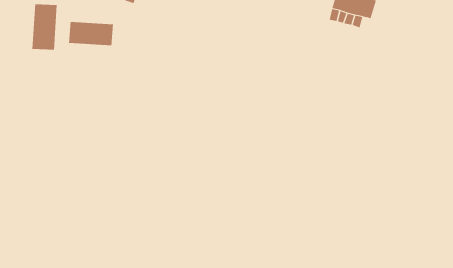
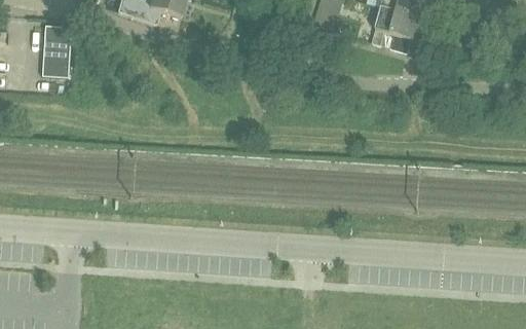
building: [69,21,114,46] -> none

